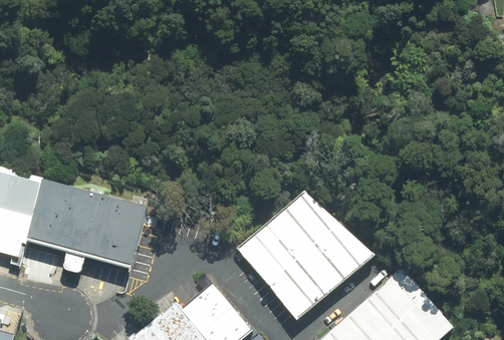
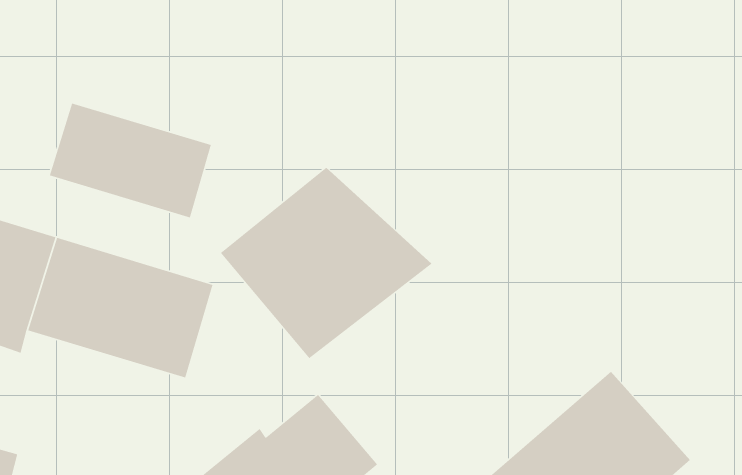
building: none -> [49,103,212,218]
building: [236,192,374,317] -> [220,167,432,359]

